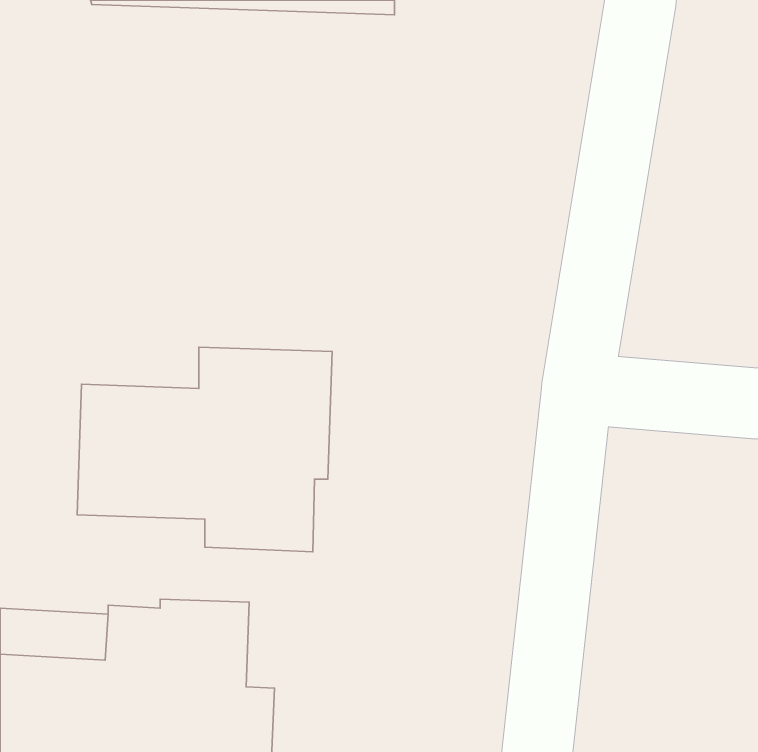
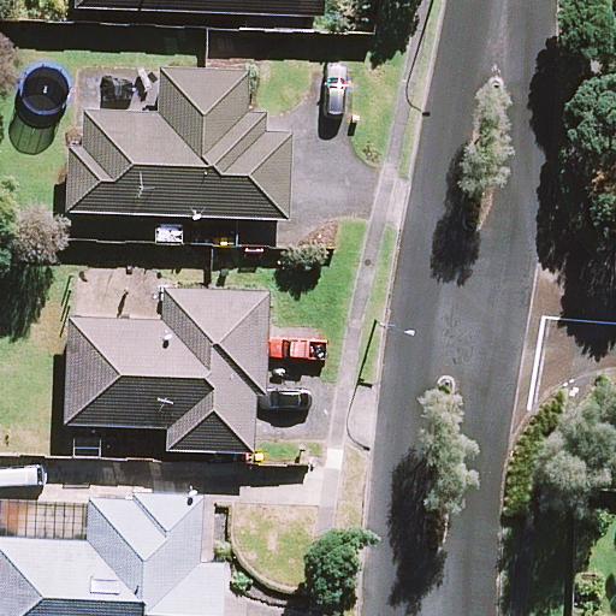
building: none -> [65,67,290,219]

